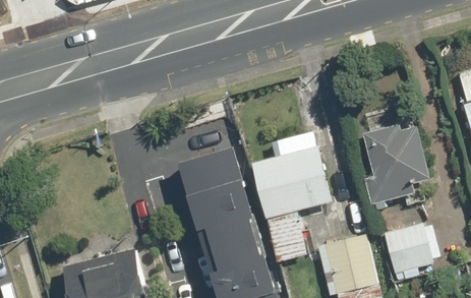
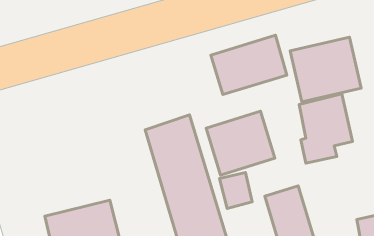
building: none -> [211,35,287,94]
building: none -> [290,37,361,102]
building: [379,218,440,279] -> none

